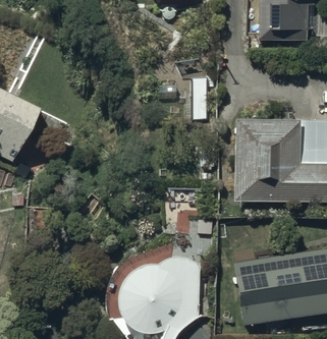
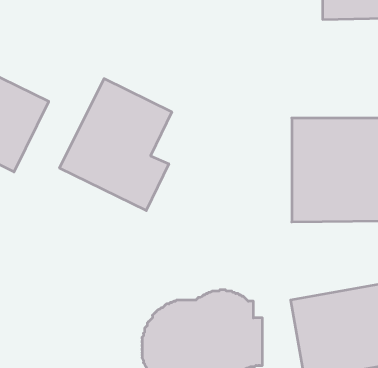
building: none -> [60,79,172,211]

